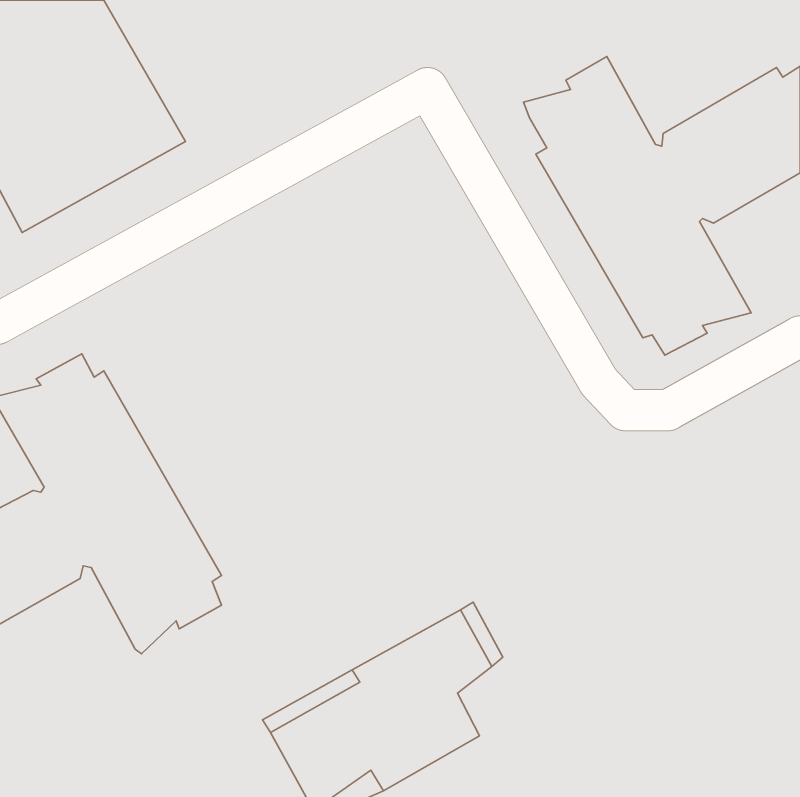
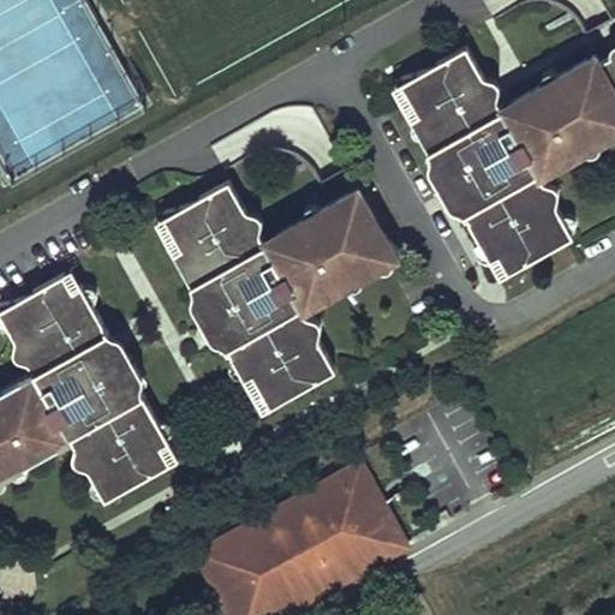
building: none -> [165,183,399,413]
building: none -> [350,514,396,567]

